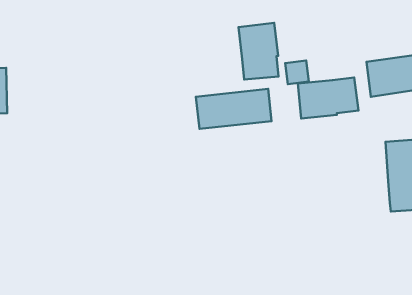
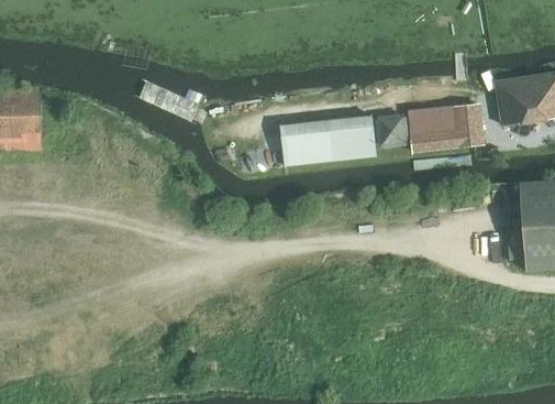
building: [238,23,278,79] -> none
building: [285,61,309,84] -> [378,117,408,146]

